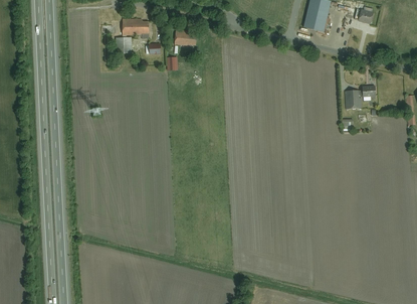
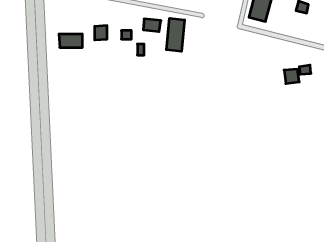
building: [124,19,152,35] -> [59,34,82,47]
building: none -> [166,18,185,51]

